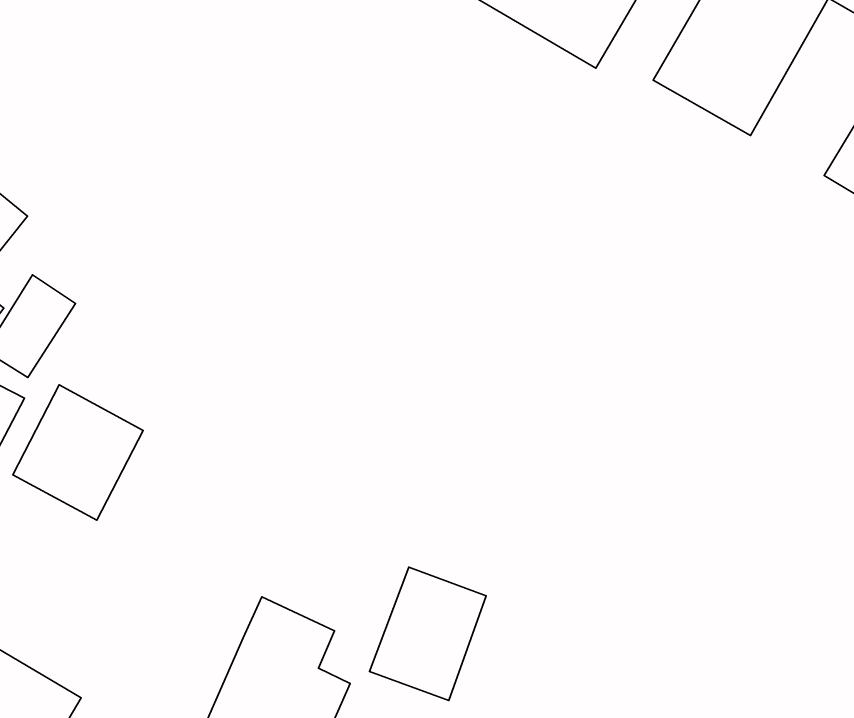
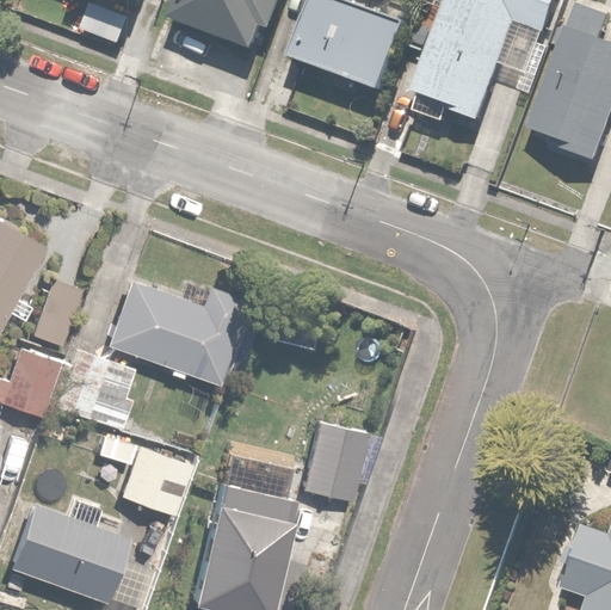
building: none -> [103,279,248,384]
building: none -> [95,431,190,513]

